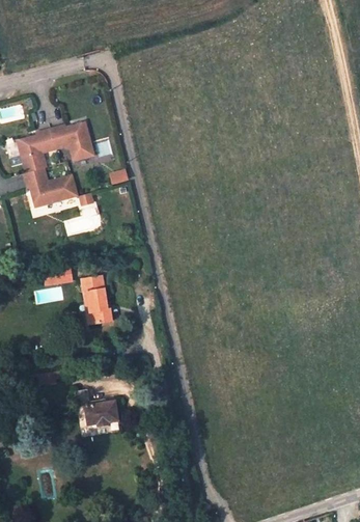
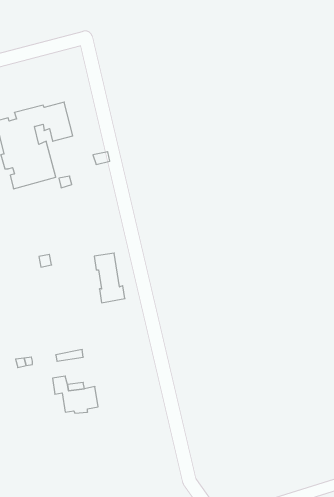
building: [81,276,111,325] -> [94,253,125,303]

